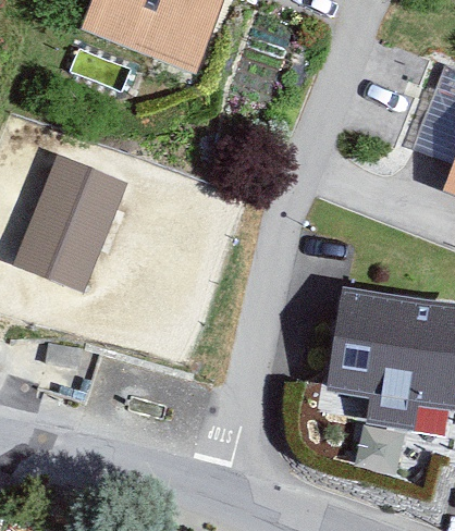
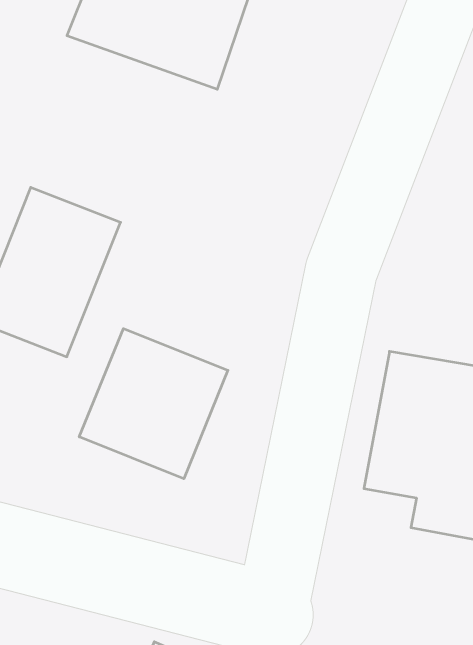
building: none -> [79,329,228,479]

